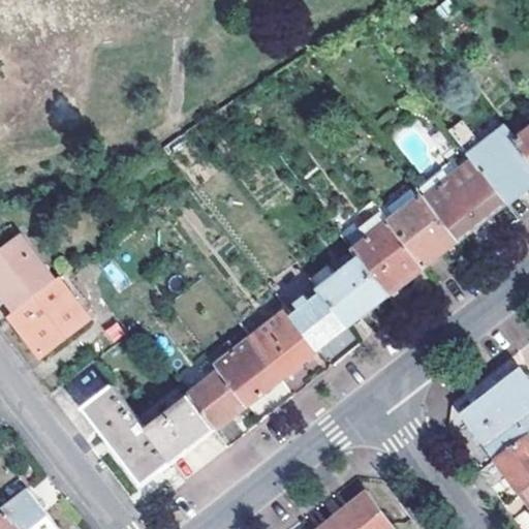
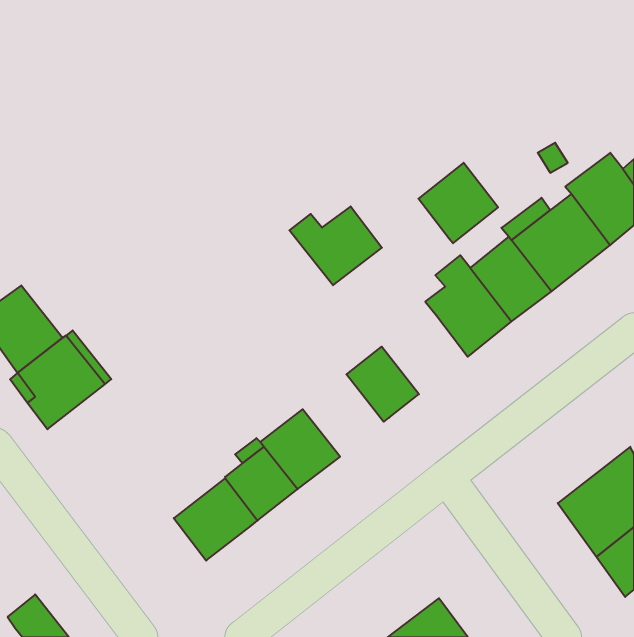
building: none -> [418,163,498,243]
building: [310,260,386,325] -> [289,206,382,285]
building: [250,309,317,377] -> none
building: [82,385,170,485] -> none

